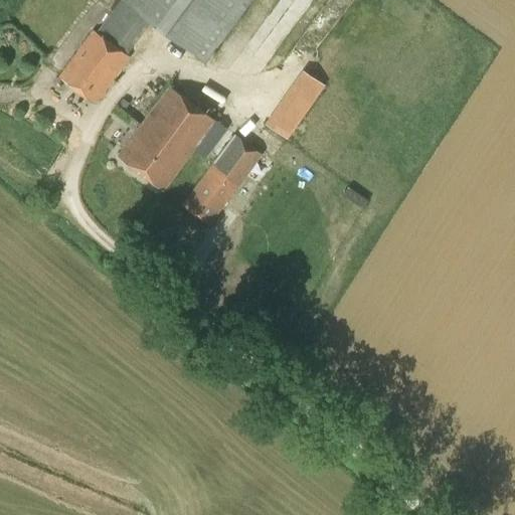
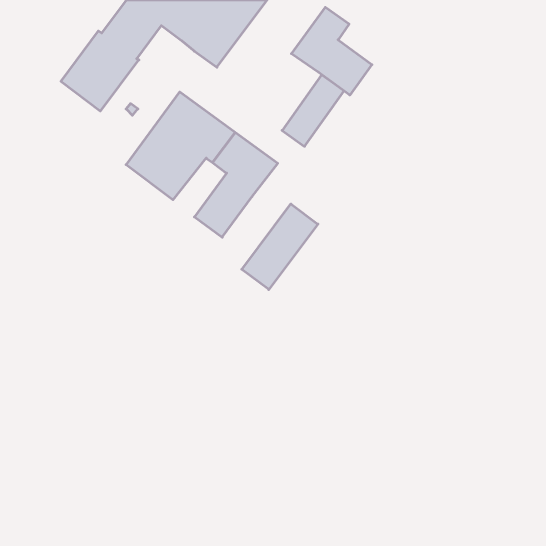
building: none -> [291,7,372,95]
building: none -> [242,204,318,290]

